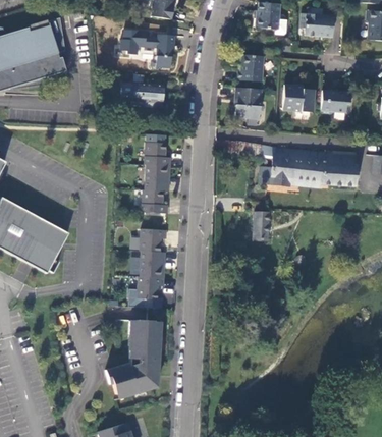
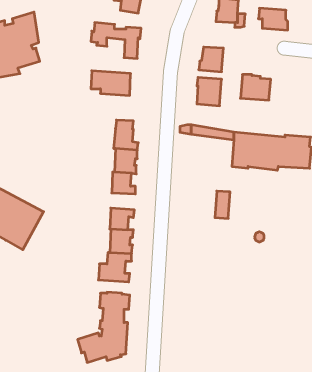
building: [320,91,349,114] -> none

